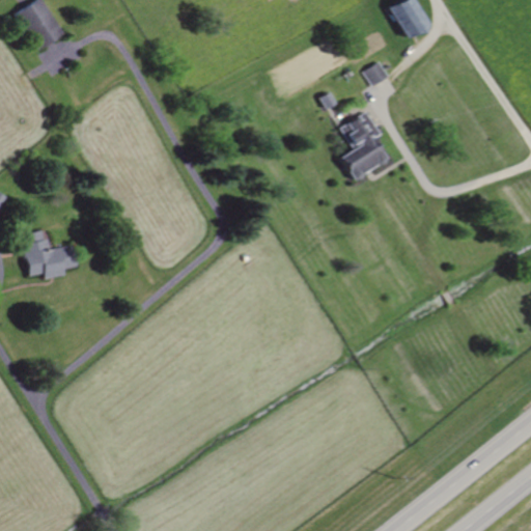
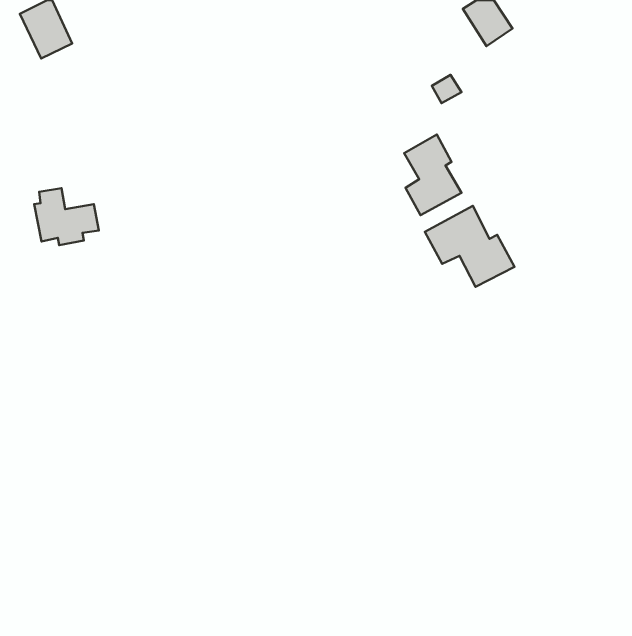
building: none -> [425,206,514,287]
building: [24,231,78,279] -> [34,188,99,245]

